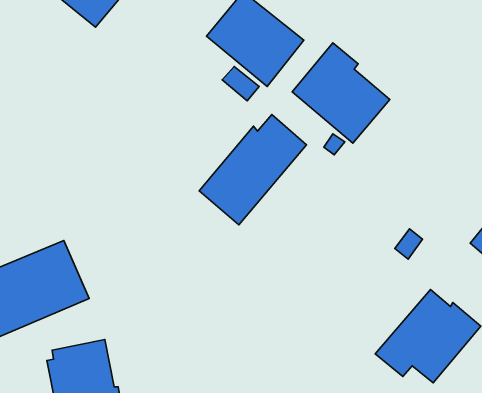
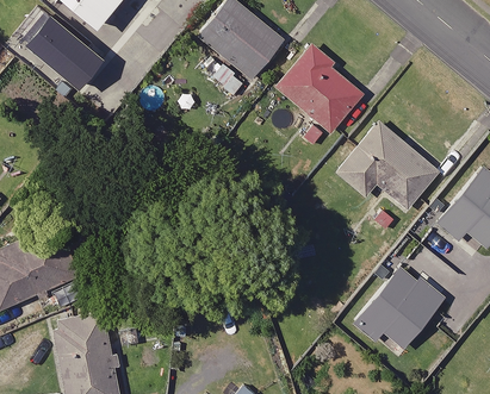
building: none -> [24,14,104,89]
building: [199,115,307,225] -> none
building: none -> [334,120,438,209]

